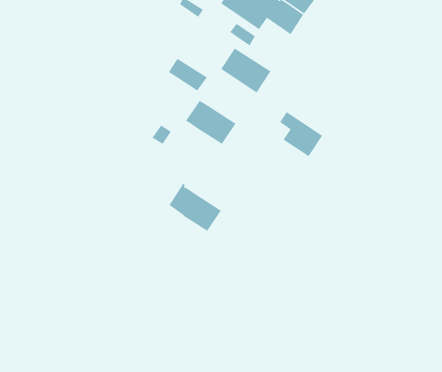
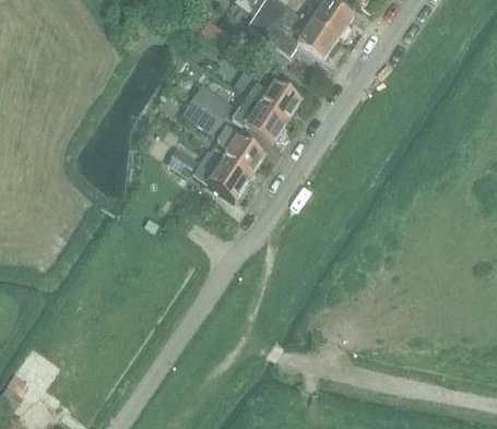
building: none -> [181,98,223,134]
building: [279,111,323,157] -> [239,95,286,144]
building: [168,183,222,232] -> [192,146,249,199]

